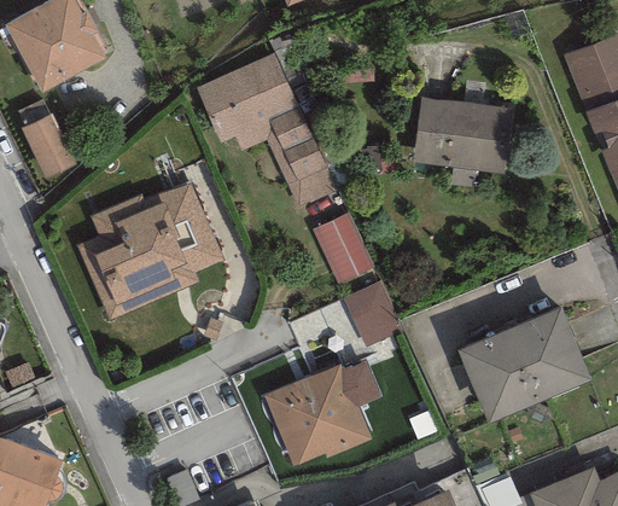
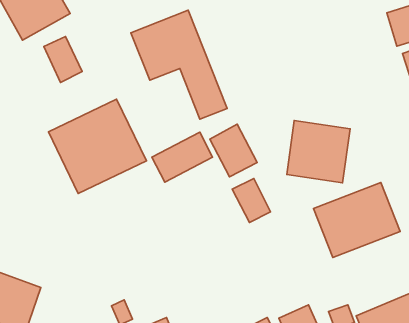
building: [421,93,513,184] -> [287,120,350,183]
building: [18,117,74,184] -> [44,37,82,82]
building: none -> [152,132,213,182]
building: [260,359,377,467] -> none

